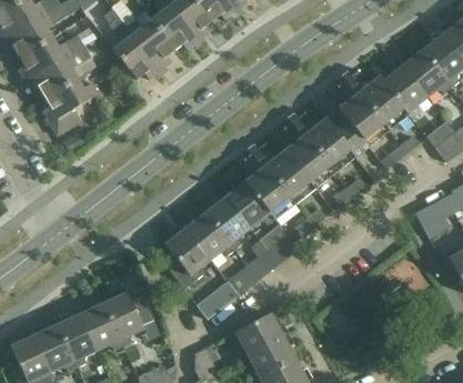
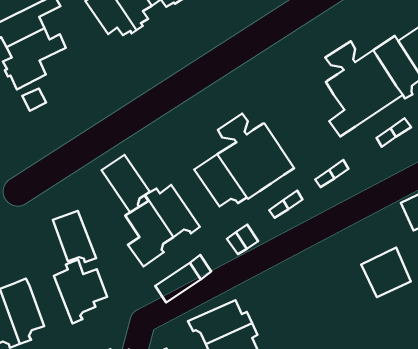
building: [283,110,358,188] -> none
building: [204,195,250,248] -> [102,155,150,212]
building: [81,302,123,349] -> [53,211,96,262]

